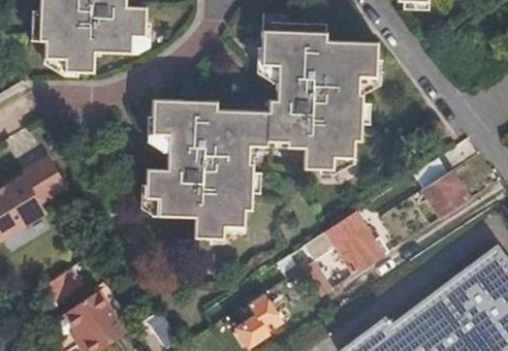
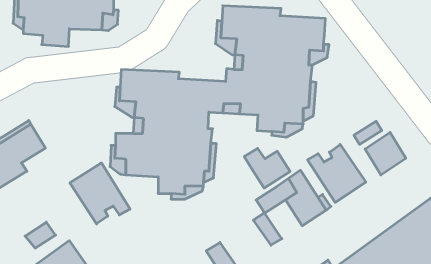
building: none -> [308,144,366,202]
building: none -> [244,148,290,188]
building: none -> [70,163,130,224]

